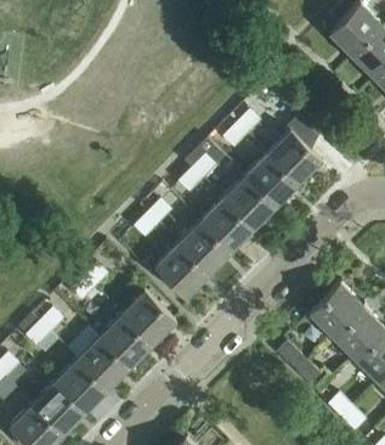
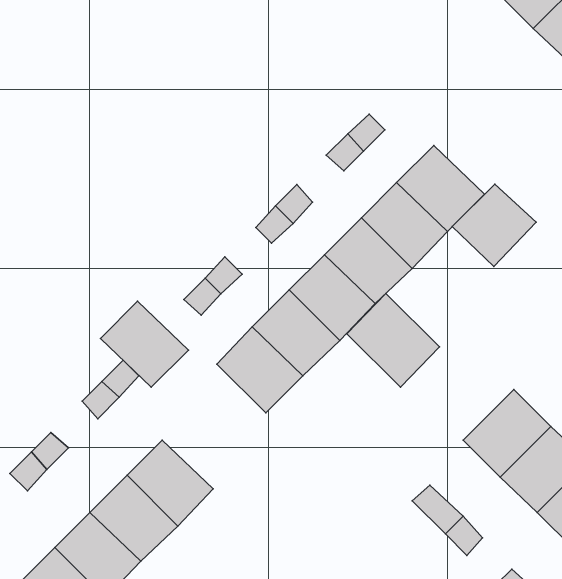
building: none -> [452,184,536,266]
building: none -> [347,293,439,387]
building: [120,292,175,345] -> [101,301,188,387]

